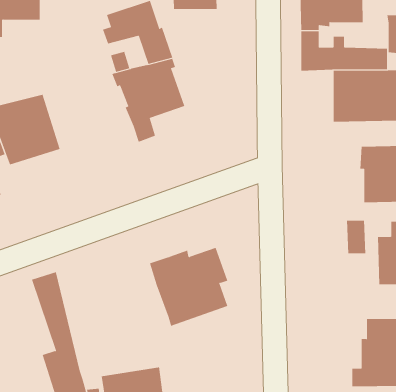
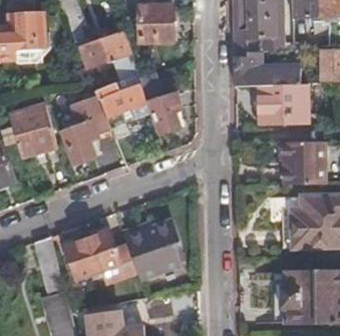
building: none -> [140,73,182,131]
building: none -> [62,92,110,159]
building: none -> [66,229,136,280]

